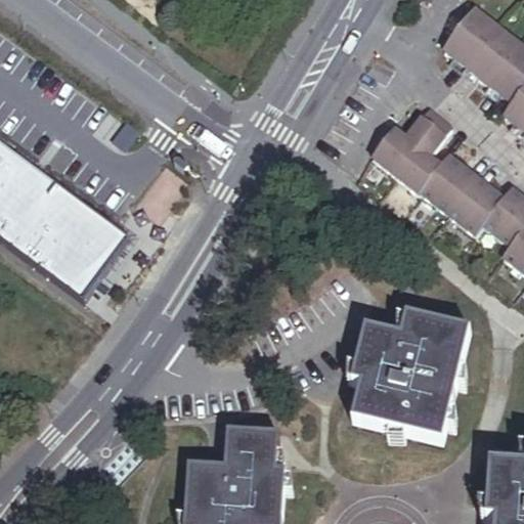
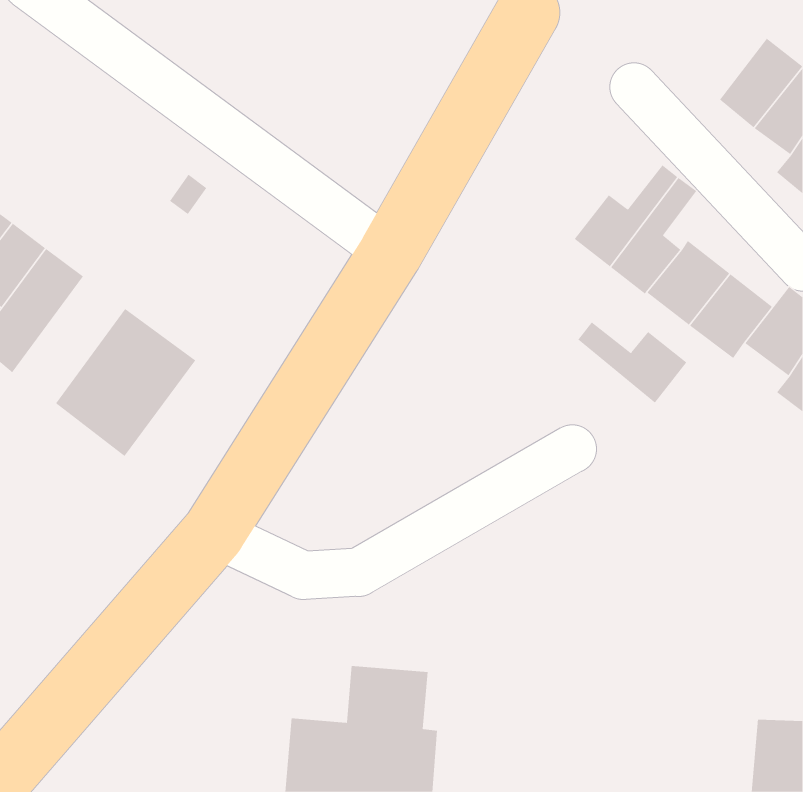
building: [442,7,496,64] -> none
building: [8,179,81,261] -> none
building: none -> [578,321,687,403]
building: [351,316,468,442] -> none

